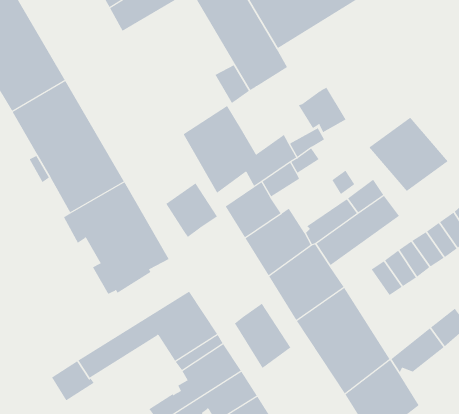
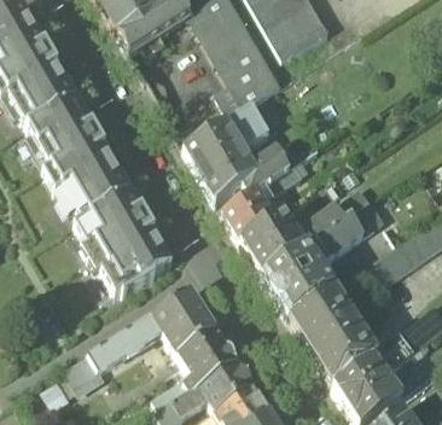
building: [298,87,347,133] -> [227,101,272,144]
building: [369,117,448,192] -> none
building: [165,182,218,238] -> none
building: [234,303,291,369] -> none

